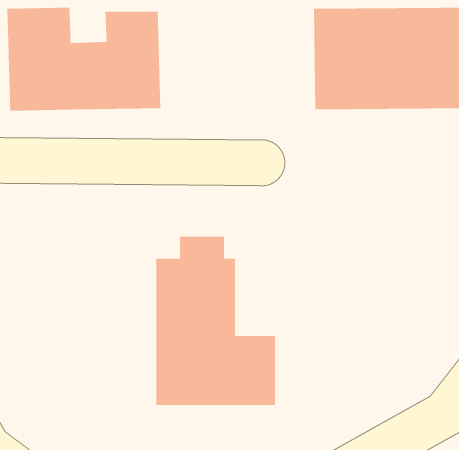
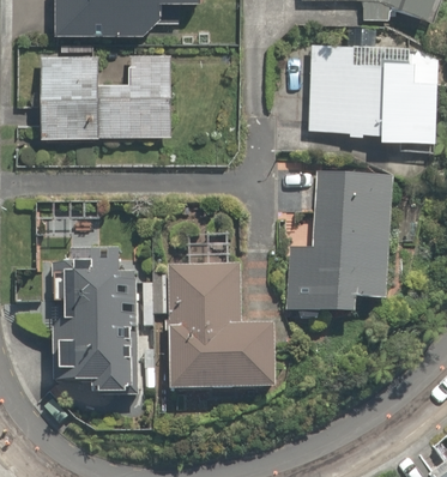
building: none -> [288,176,391,316]
building: none -> [68,255,135,400]

